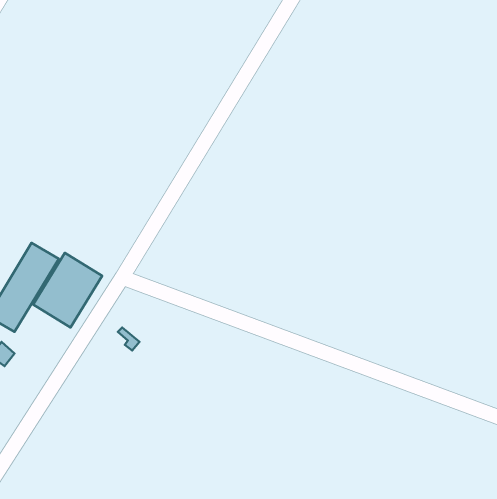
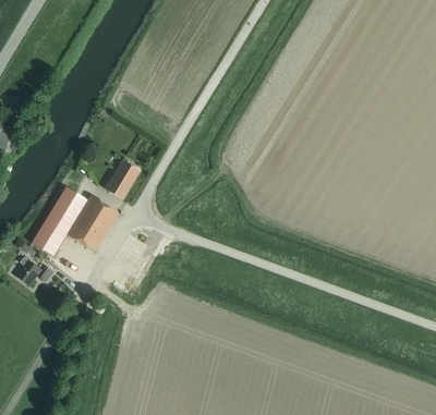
building: none -> [105,158,140,198]

